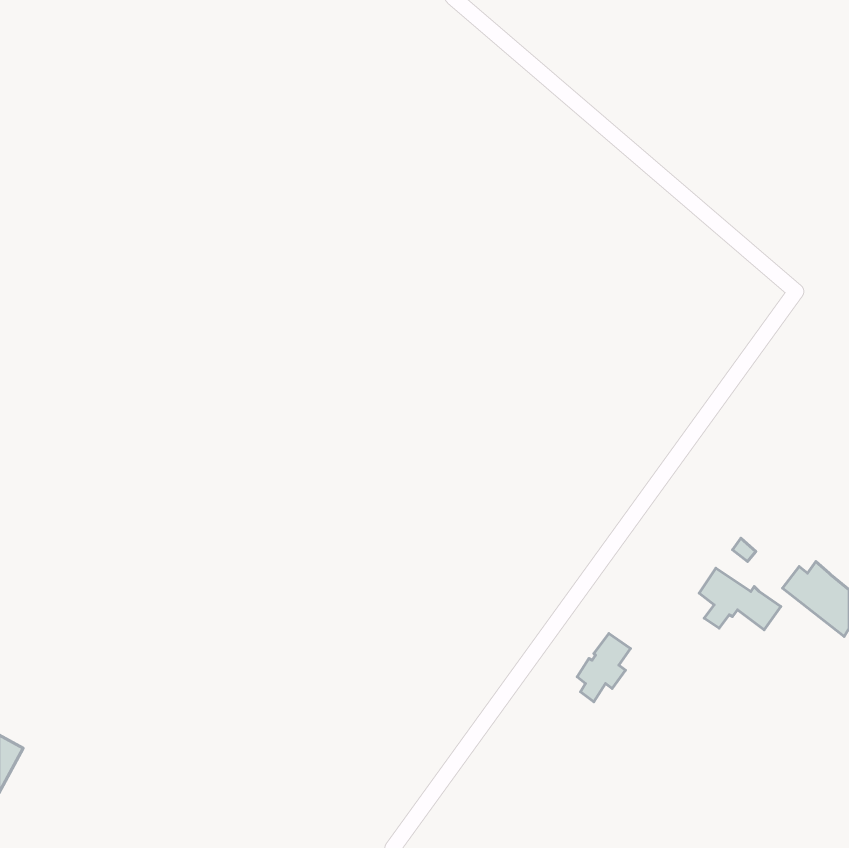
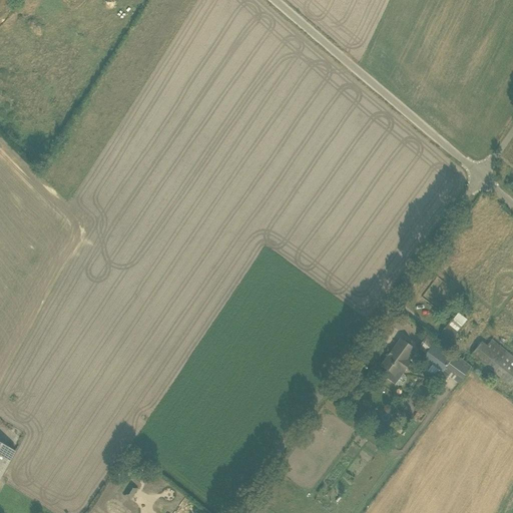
building: [577,634,630,702] -> [381,339,413,380]

